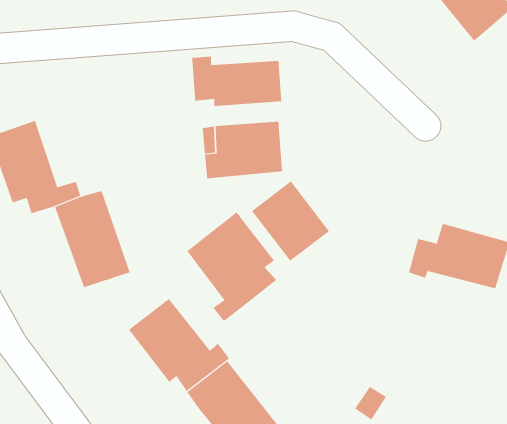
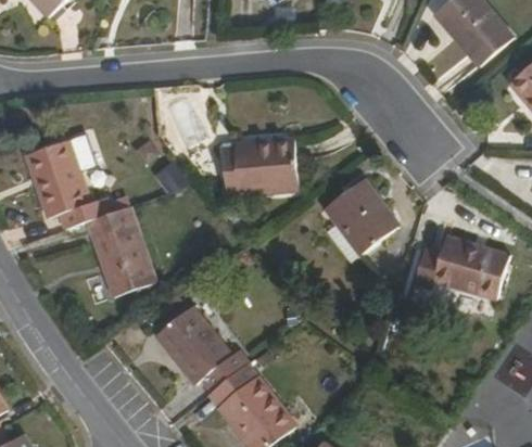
building: [192,56,282,107] -> none
building: [251,181,330,262] -> [324,179,396,254]
building: [186,212,277,322] -> none

